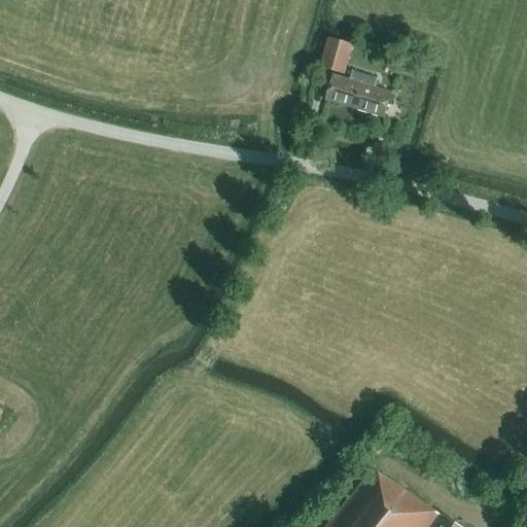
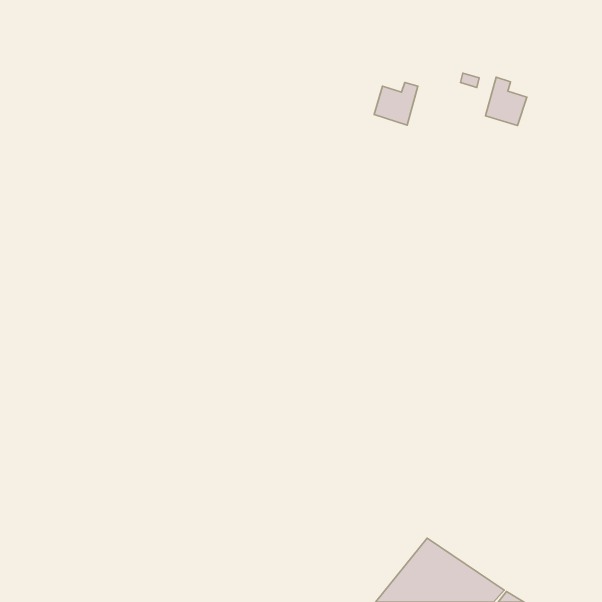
building: [321,38,354,75] -> none
building: [356,75,392,117] -> [486,77,527,125]

